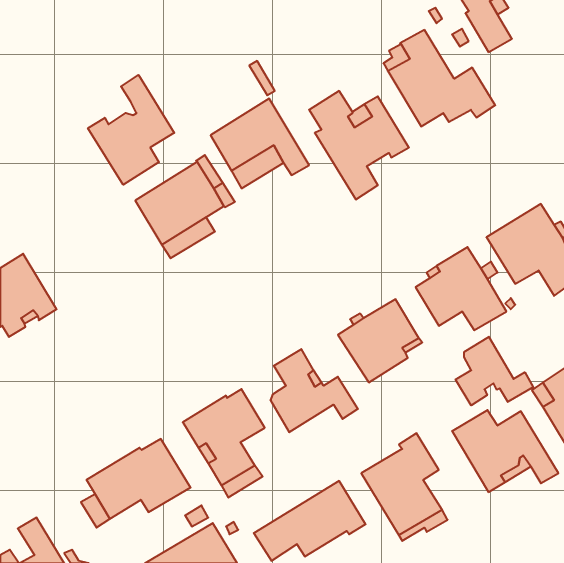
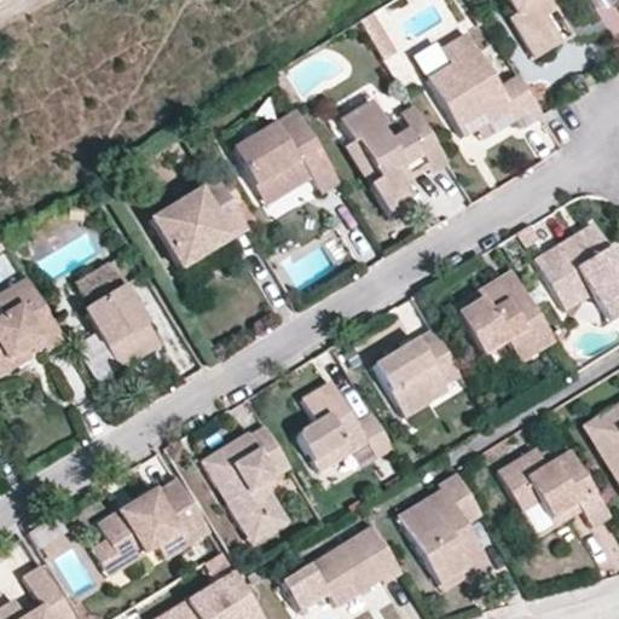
building: [88,75,174,185] -> none
building: none -> [75,262,160,370]
building: [456,337,533,405] -> none

